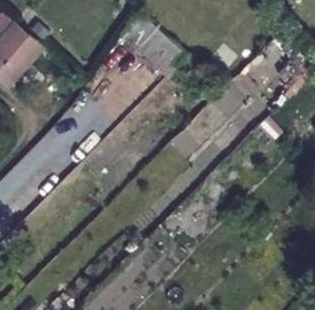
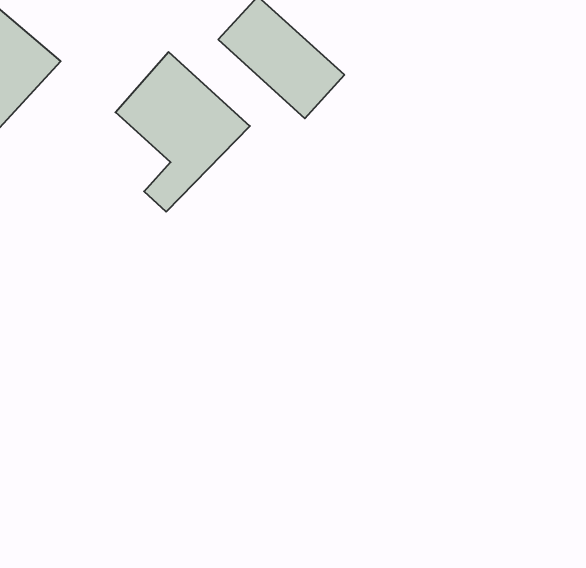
building: none -> [115,52,250,212]

